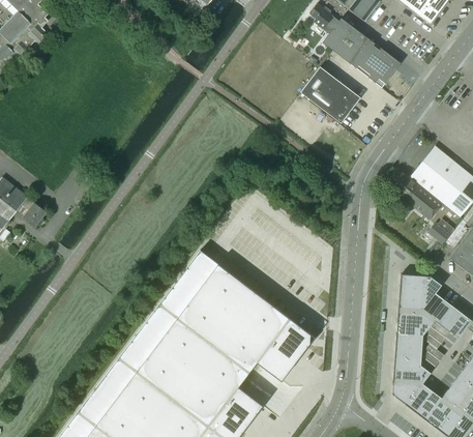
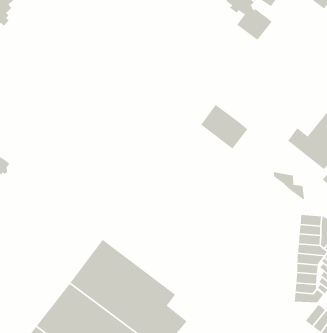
building: [348,37,400,87] -> none
building: [300,66,359,122] -> [200,104,249,149]
building: none -> [273,171,305,200]
building: [158,250,309,380] -> none
building: [391,381,422,404] -> none

